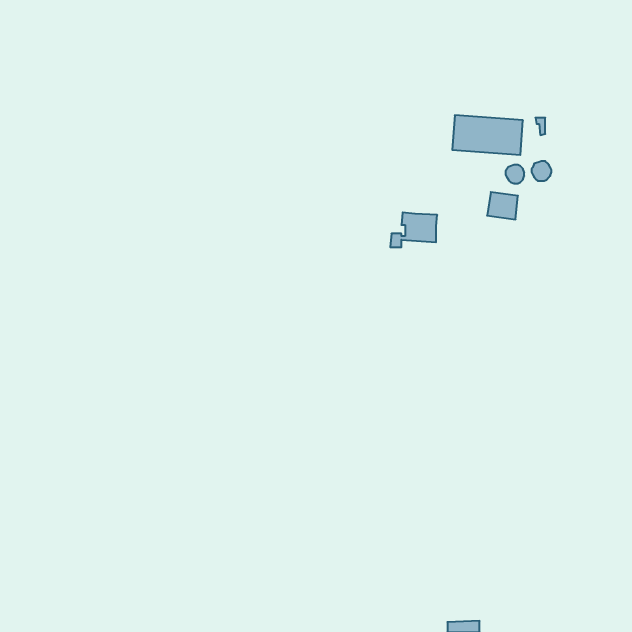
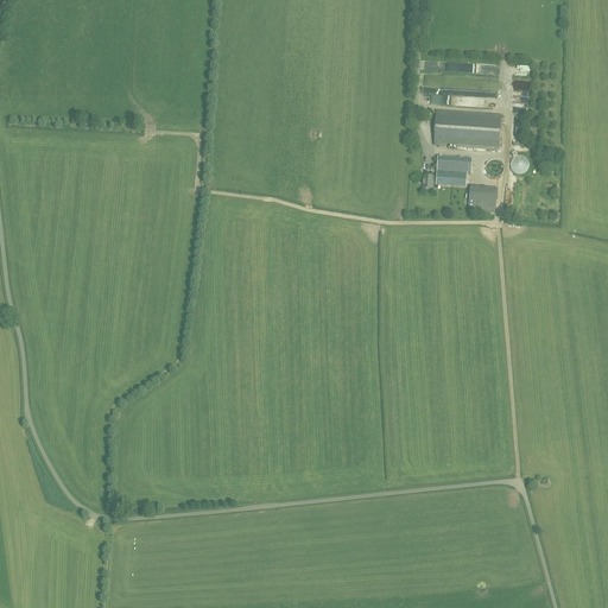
building: [390,212,437,247] -> [422,156,467,189]

